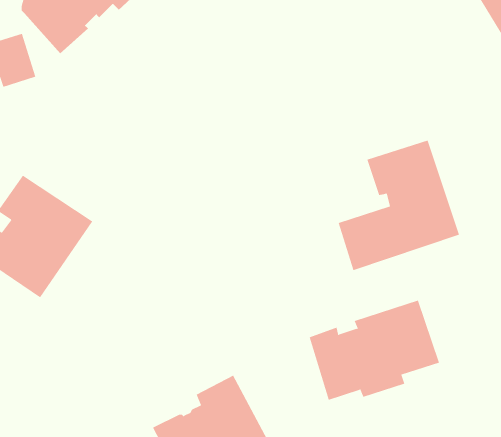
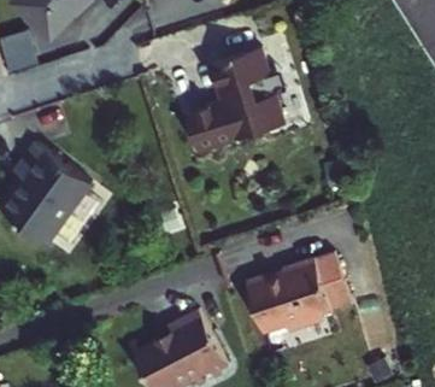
building: [338,140,460,271] -> [183,46,281,151]

